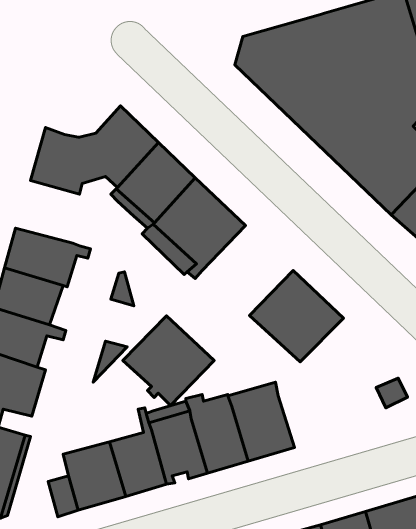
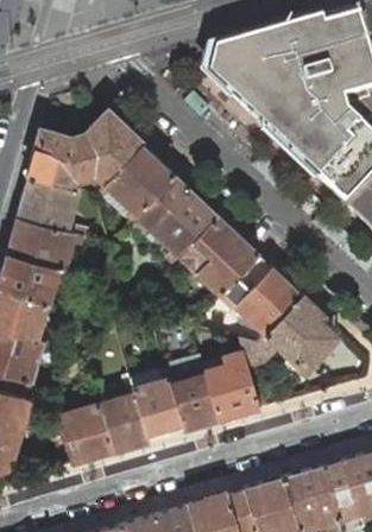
building: none -> [17,175,89,235]
building: [123,316,214,406] -> [179,214,259,292]
building: none -> [239,294,339,366]

